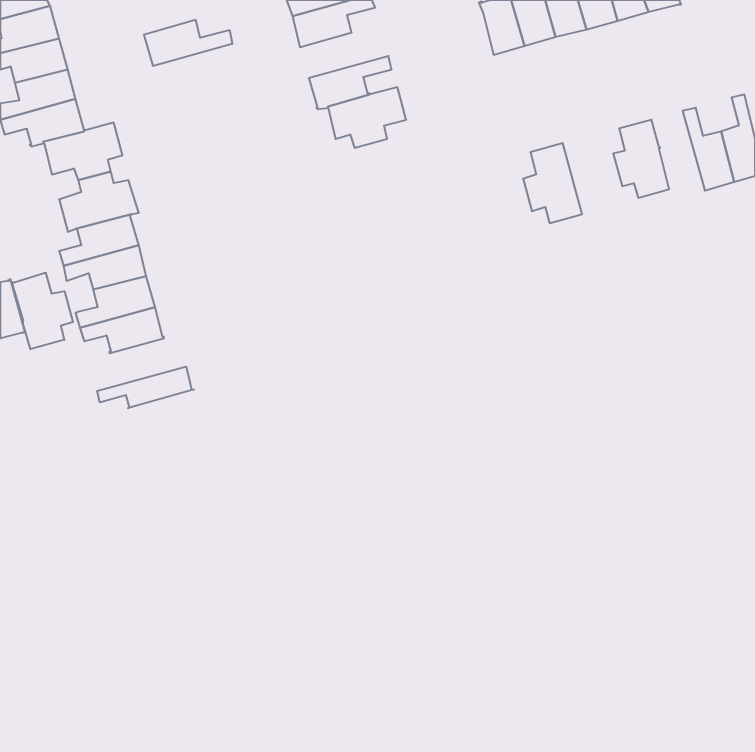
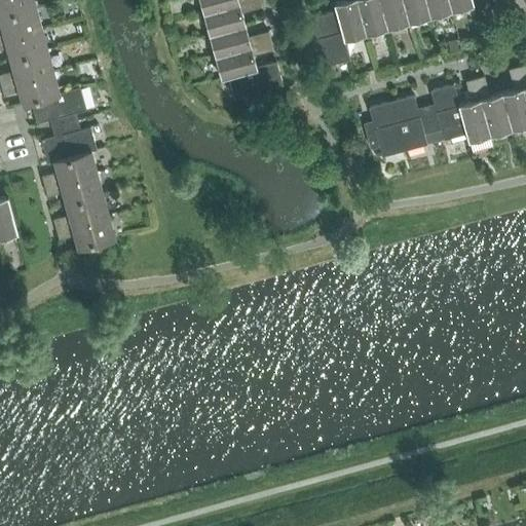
building: none -> [308,11,349,67]
building: [144,20,233,66] -> [209,25,270,57]
building: none -> [458,79,490,142]
building: none -> [391,96,433,151]
building: [12,273,73,349] -> none
building: [97,367,194,408] -> none

